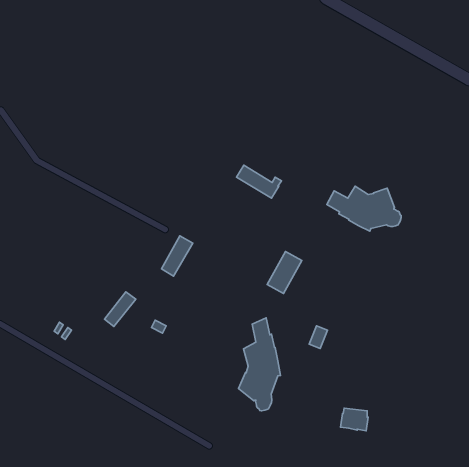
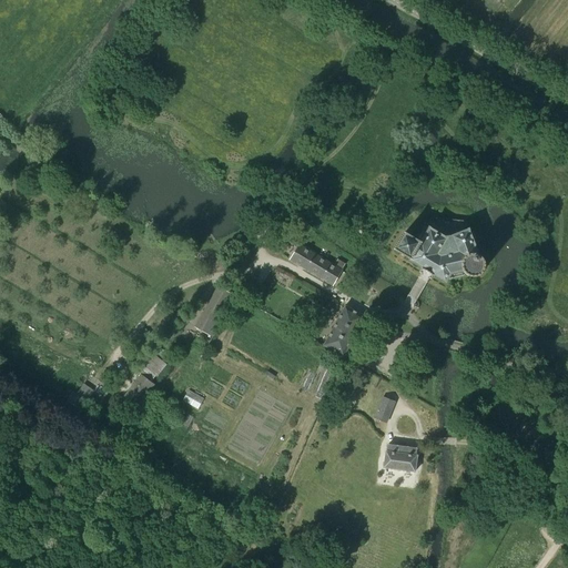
building: [237,165,282,198] -> [291,243,345,283]
building: [238,318,280,411] -> none
building: [341,408,368,431] -> [384,443,417,470]

